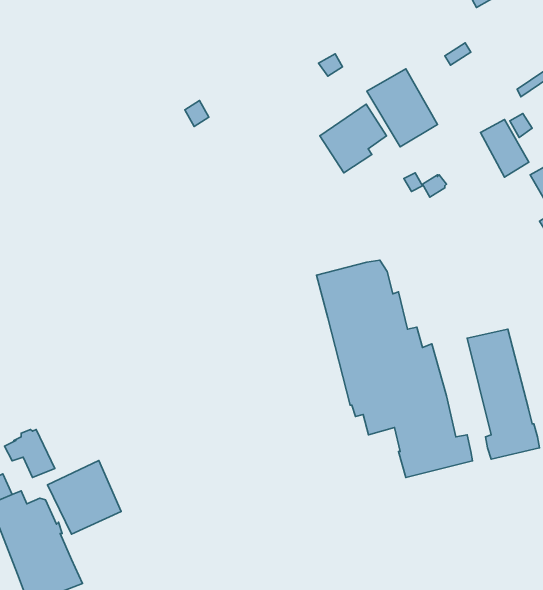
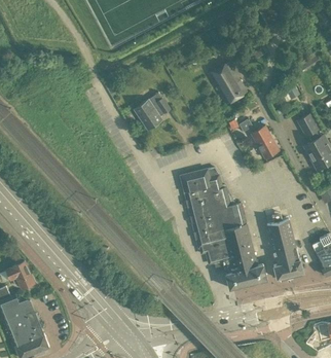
building: [320,104,387,173] -> [134,92,171,130]
building: [480,120,529,177] -> [252,127,279,158]
building: [48,461,121,534] -> none

